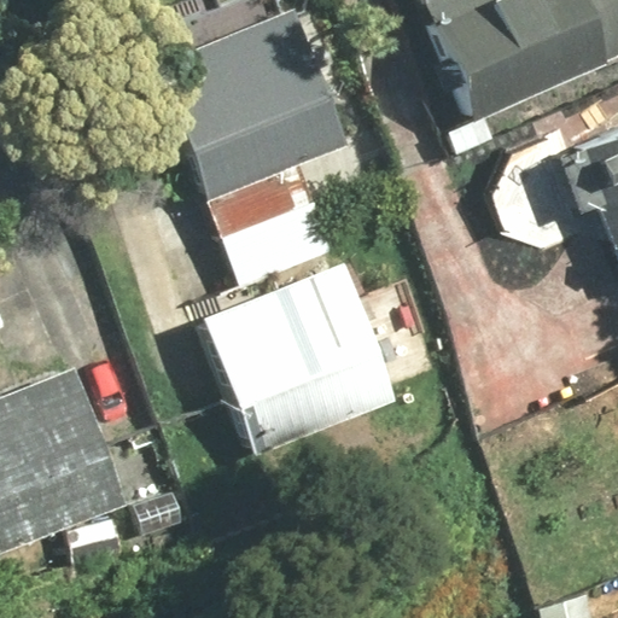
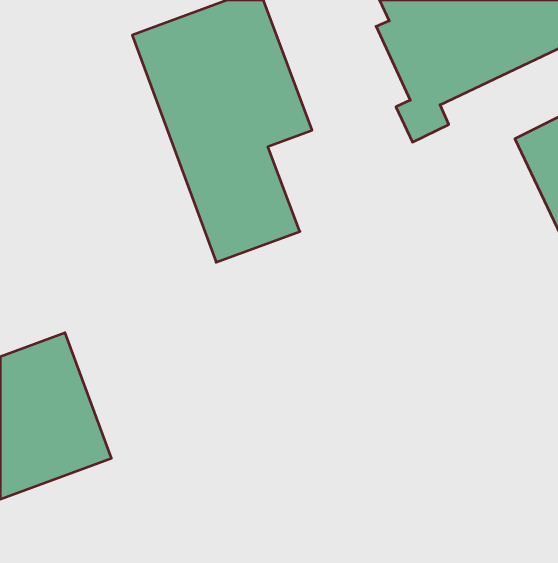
building: [205,270,395,455] -> none

